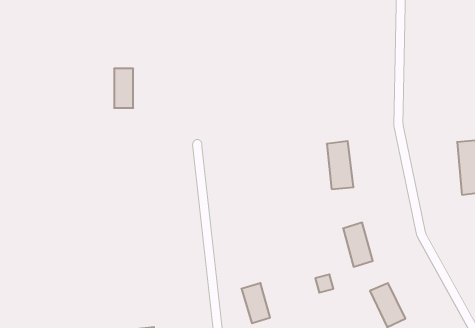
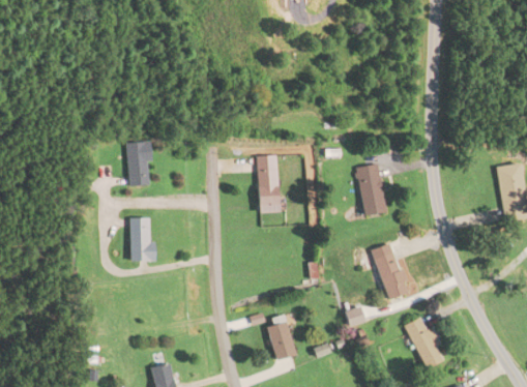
building: [114,69,133,108] -> [128,141,149,183]
building: none -> [258,154,279,205]
building: none -> [130,217,151,261]

